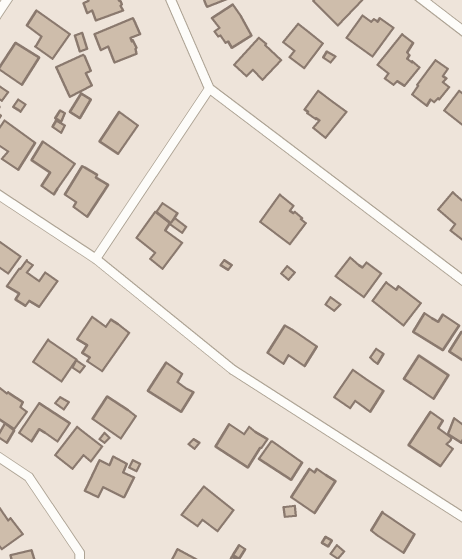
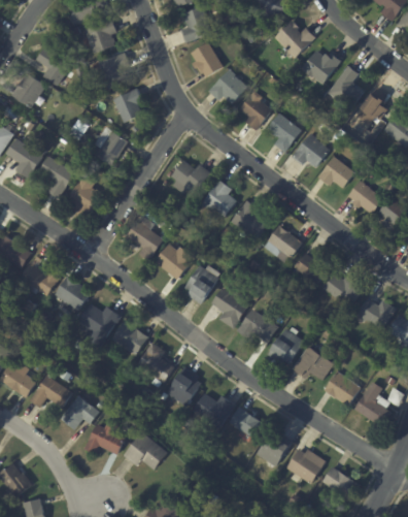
building: [283,24,323,68] -> [239,94,272,131]
building: [56,55,92,97] -> [113,89,143,124]
building: none -> [292,133,330,168]
building: none -> [318,157,354,189]
building: none -> [172,161,211,196]
building: none -> [200,180,237,221]
building: none -> [347,182,383,215]
building: none -> [264,226,302,263]
building: none -> [155,245,195,281]
building: none -> [183,265,219,304]
building: none -> [210,288,247,329]
building: [33,340,76,382] -> [54,274,90,310]
building: none -> [267,329,303,365]
building: [404,356,448,399] -> [324,371,361,408]
building: none -> [166,366,201,406]
building: [93,397,136,439] -> [111,320,147,355]
building: [182,487,233,531] -> [123,431,166,468]
building: none -> [286,448,326,484]

